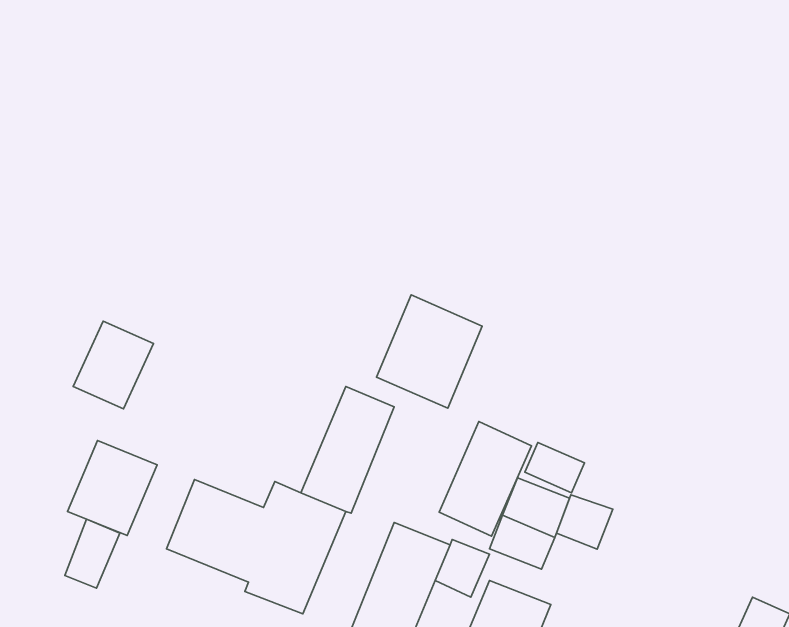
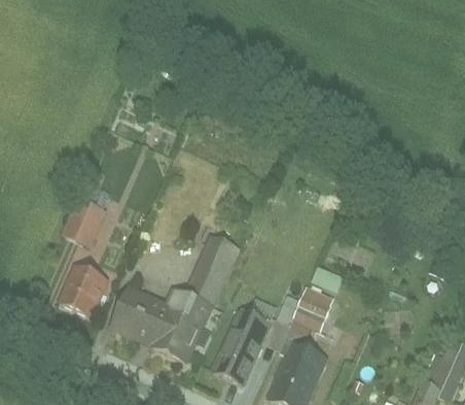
building: [376,295,482,408] -> none
building: [439,422,531,536] -> none
building: [556,495,613,549] -> none
building: [65,519,120,588] -> none

